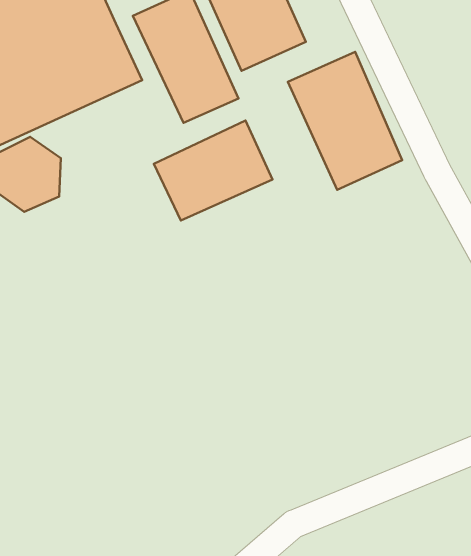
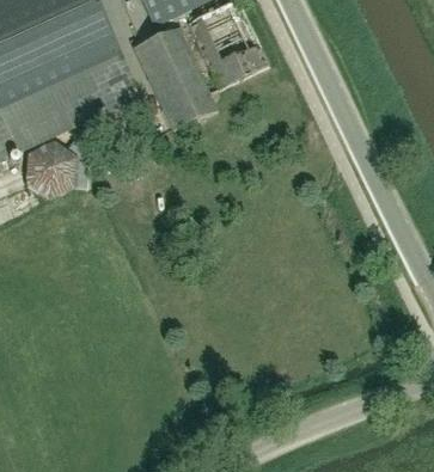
building: [288,52,402,190] -> none
building: [154,121,273,220] -> none

